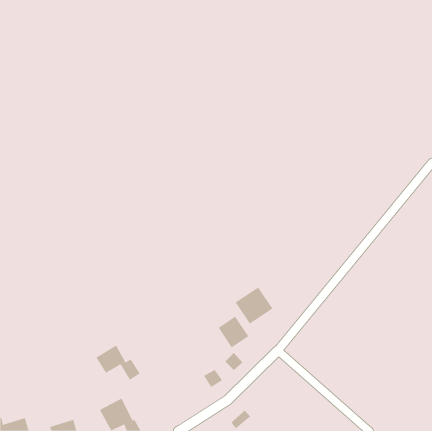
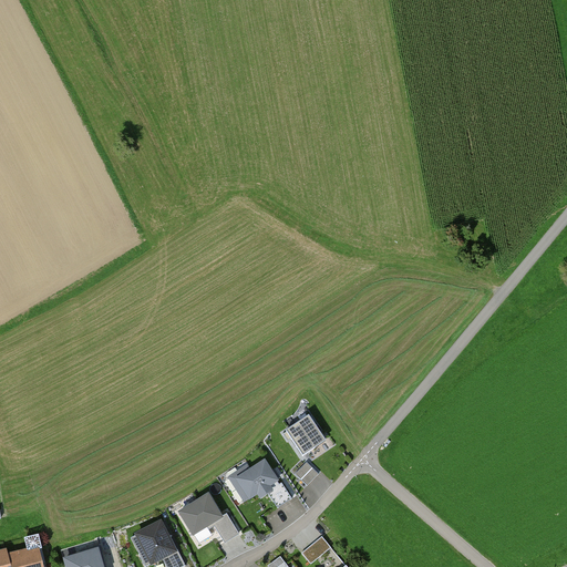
building: [235,286,273,324] -> none
building: [95,345,140,380] -> [179,494,238,540]
building: none -> [234,458,278,501]

